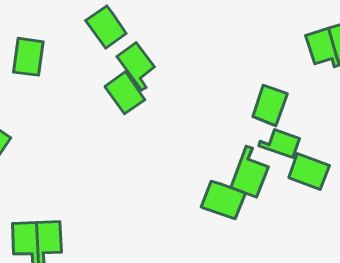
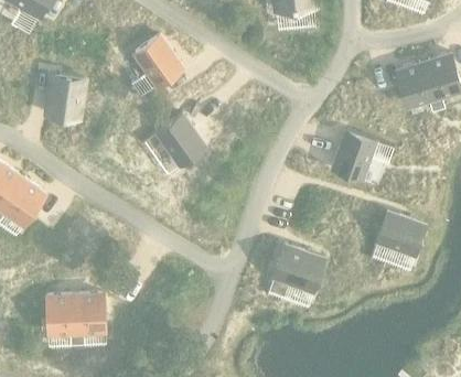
building: [117,42,155,90] -> none
building: [259,130,299,158] -> none
building: [231,146,268,197] -> none

